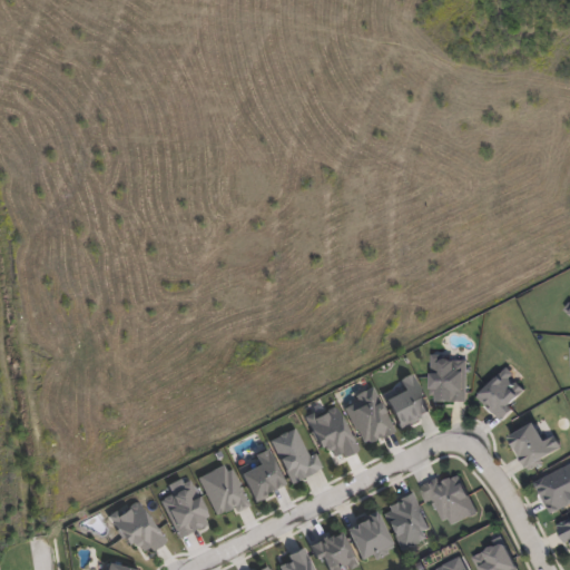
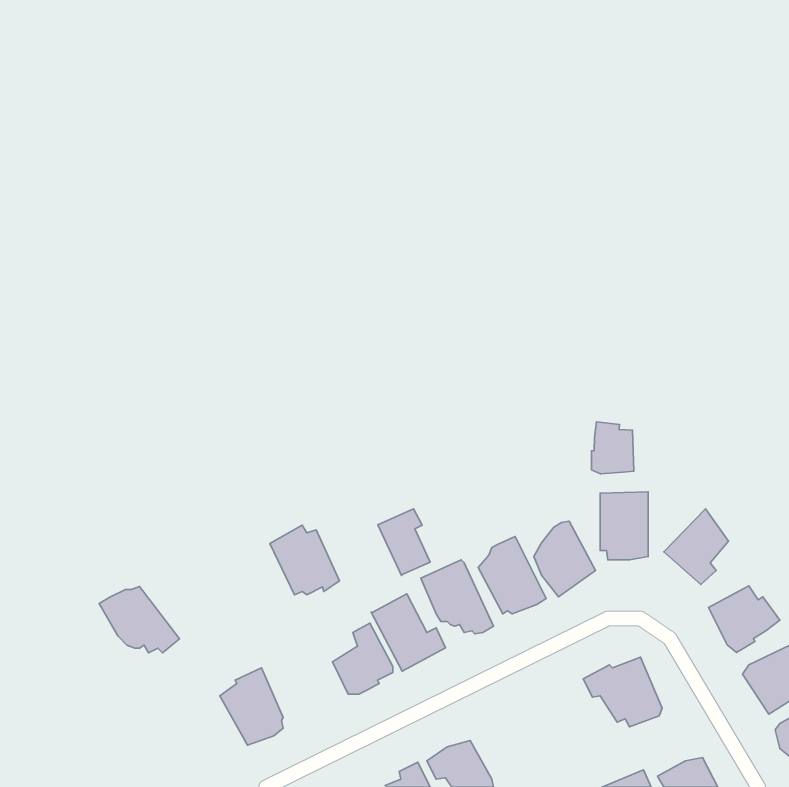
building: none -> [591,422,634,474]
building: none -> [378,509,430,576]
building: [198,464,248,514] -> [270,525,339,595]
building: [384,494,430,550] -> none
building: [107,503,165,551] -> [99,586,180,653]
building: [346,511,392,559] -> none

